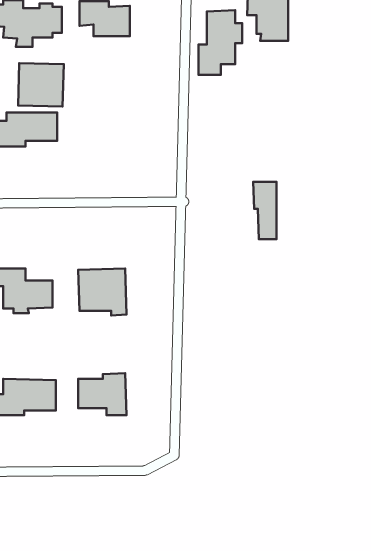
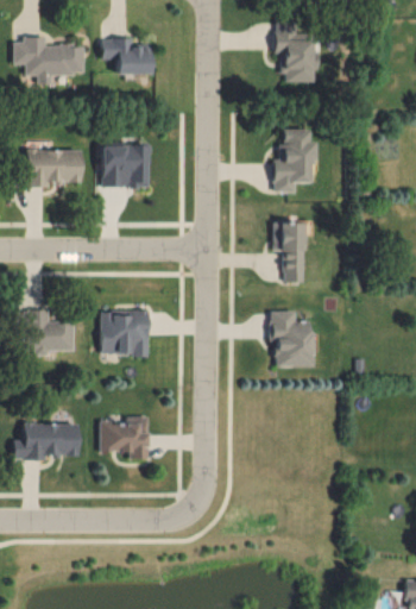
building: [199,10,242,75] -> [272,127,316,193]
building: [18,63,64,107] -> [101,139,147,183]
building: none -> [270,312,313,368]

